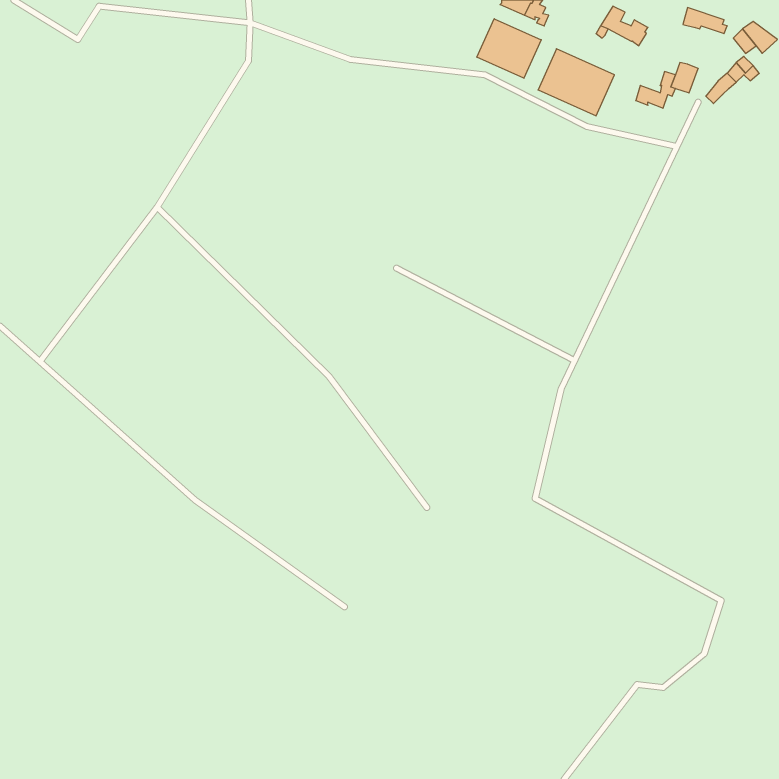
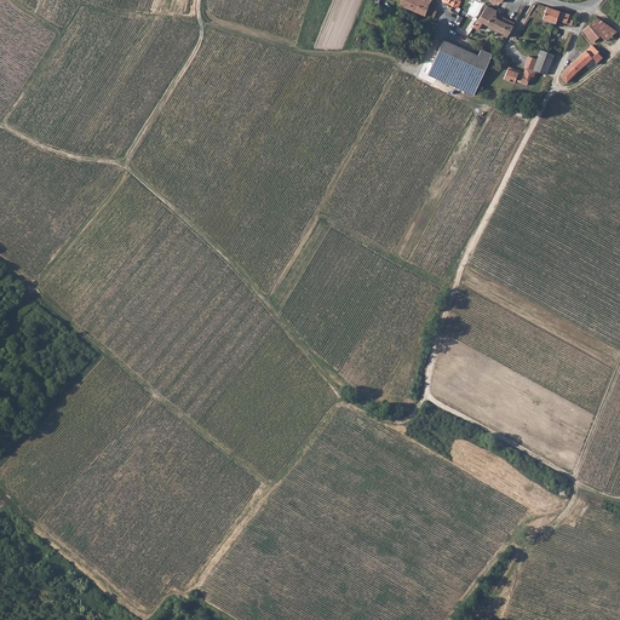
building: [477,19,541,78] -> none

